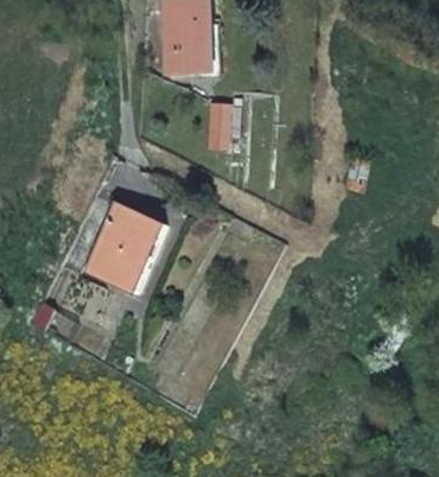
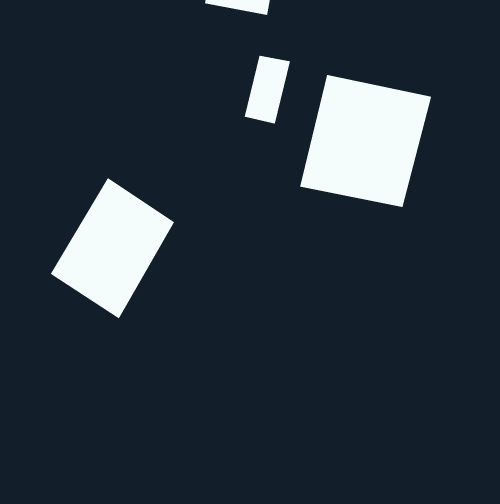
building: none -> [299,74,432,208]

